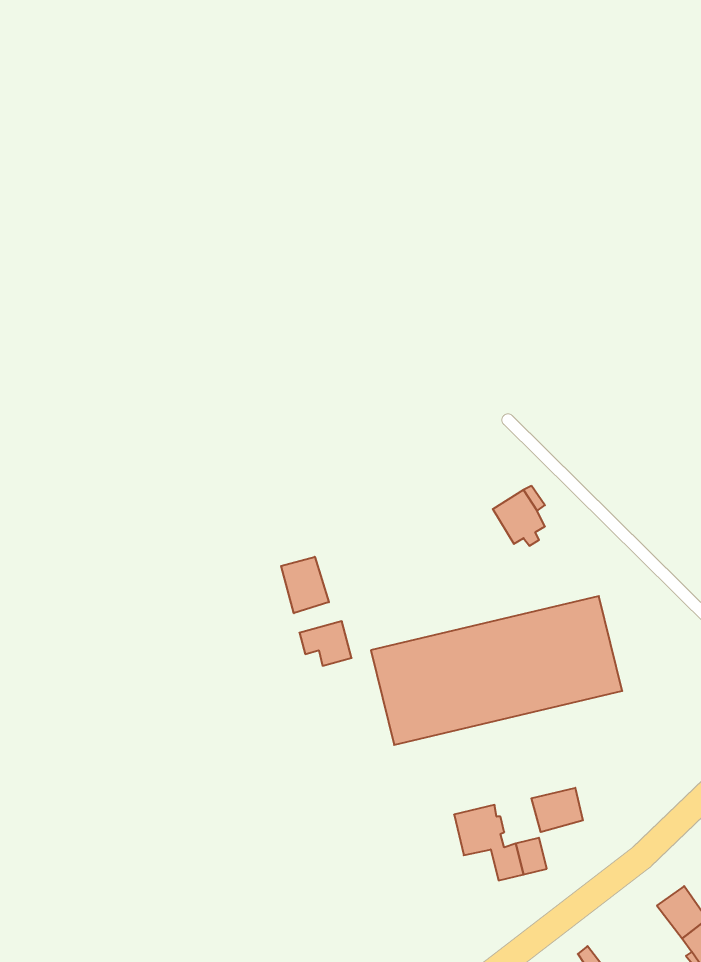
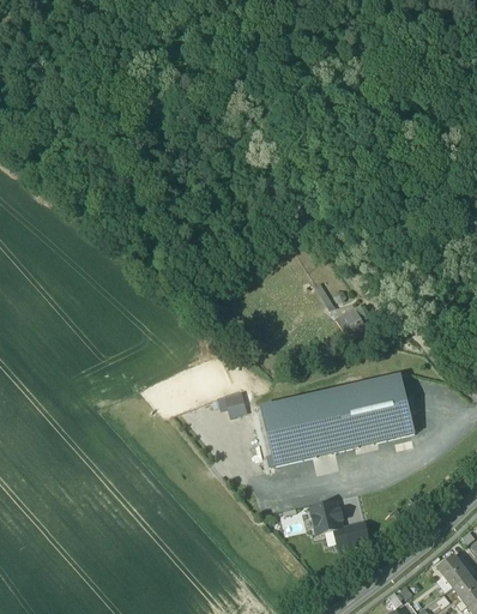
building: [281,557,329,613] -> none
building: [531,788,583,832] -> none

